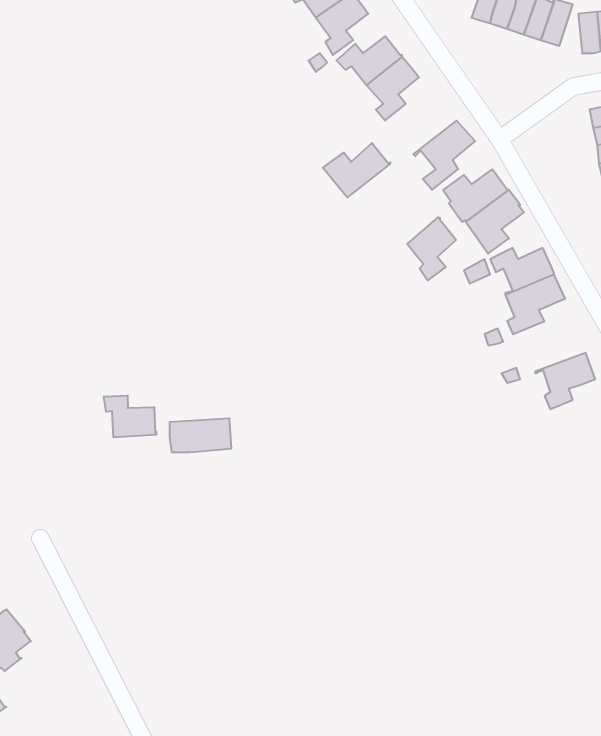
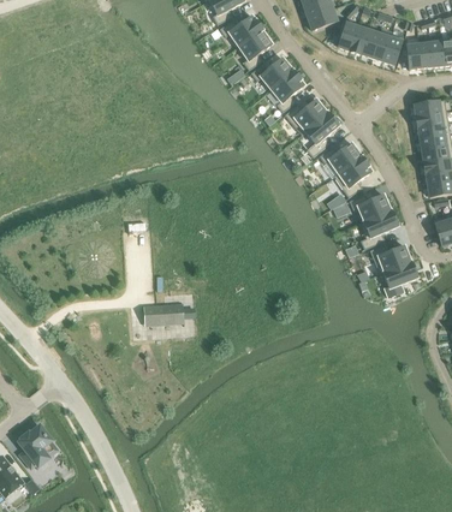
building: [323,143,390,197] -> [285,99,328,133]
building: [407,217,456,280] -> none
building: none -> [370,244,411,273]
building: [104,396,157,437] -> none

